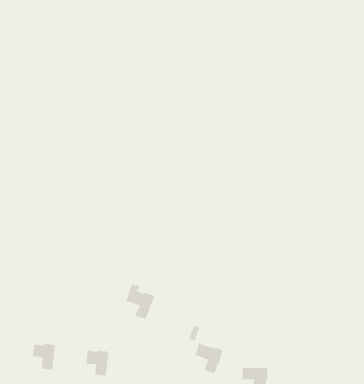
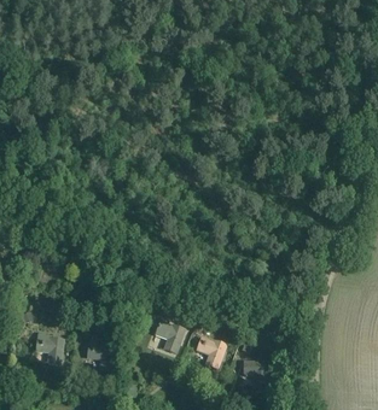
building: [125,284,155,320] -> [155,317,184,352]

